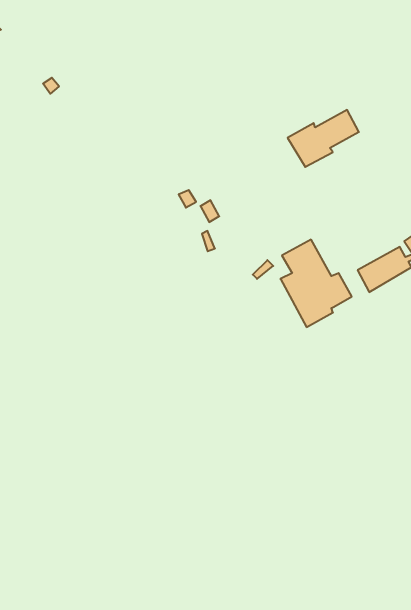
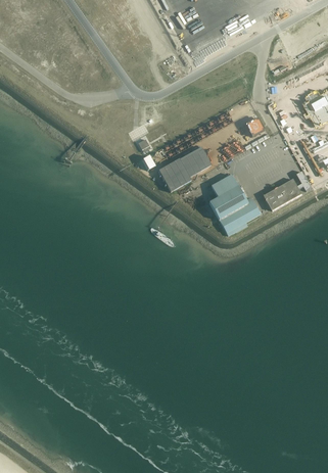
building: [288,110,359,167] -> [161,150,212,190]

